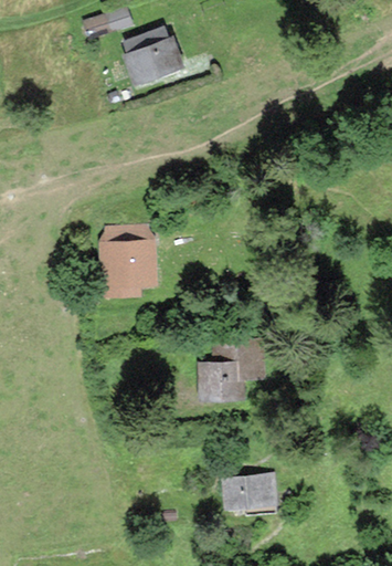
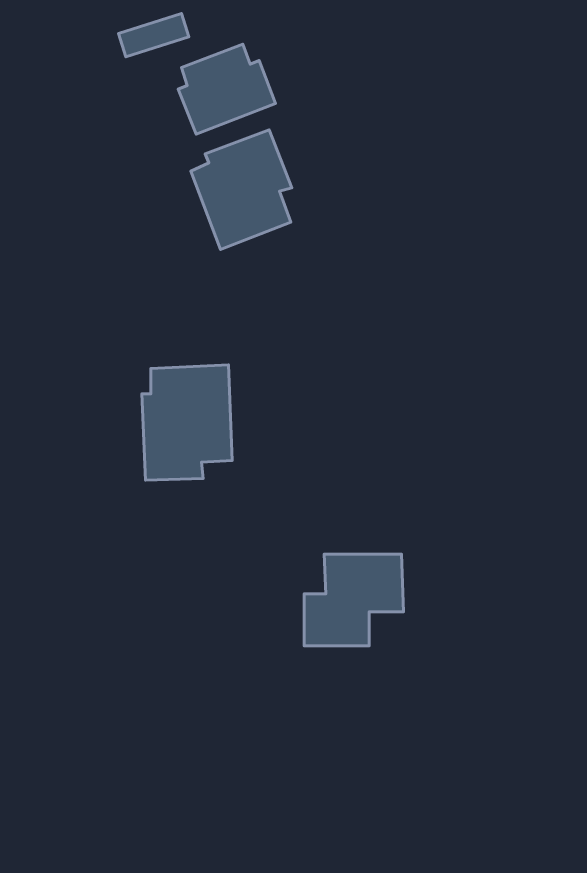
building: none -> [191,130,292,249]
building: [224,475,274,507] -> none

